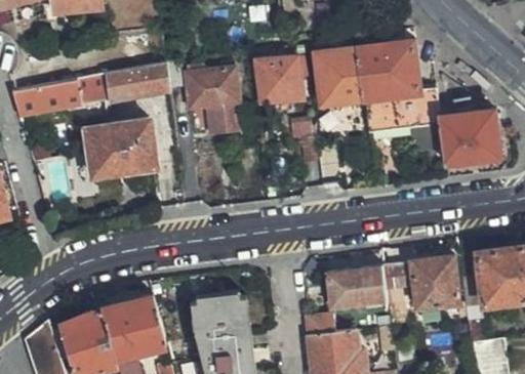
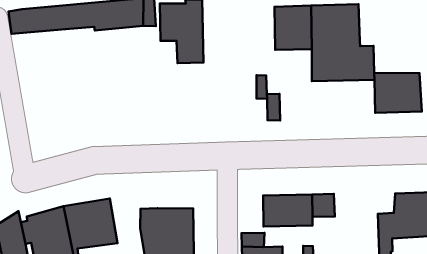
building: [257,57,304,105] -> none
building: [83,117,154,175] -> none
building: [412,256,460,309] -> none

